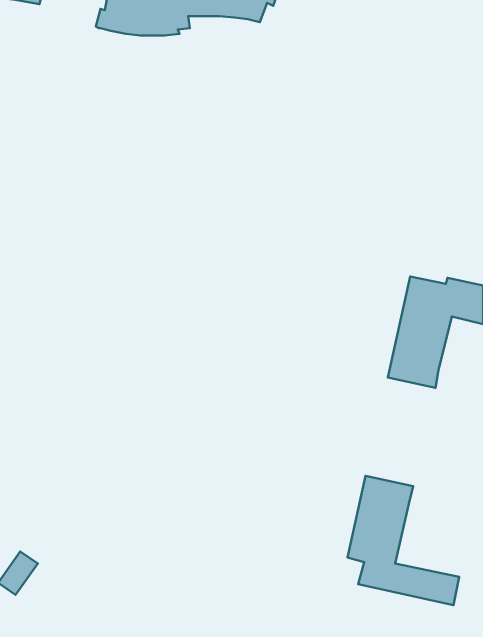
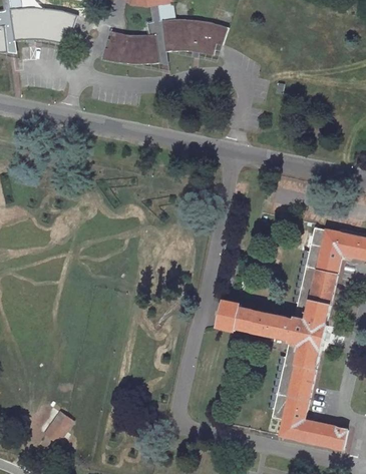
building: none -> [219,296,332,369]

